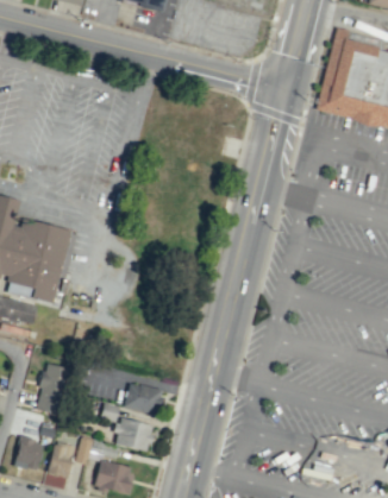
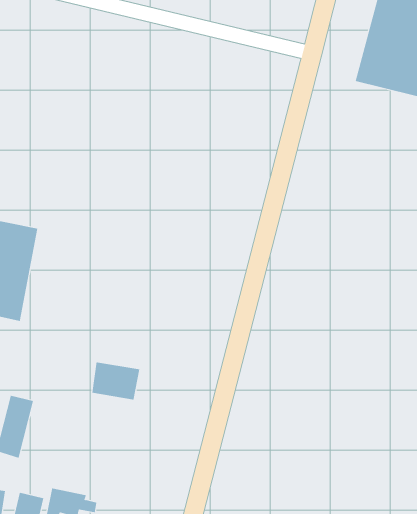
building: [125,383,164,414] -> [91,362,140,400]
building: [114,417,154,450] -> none

